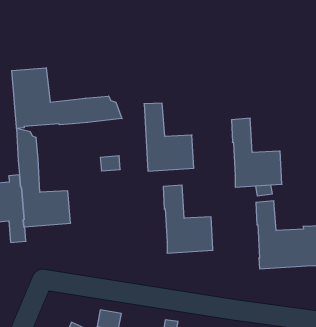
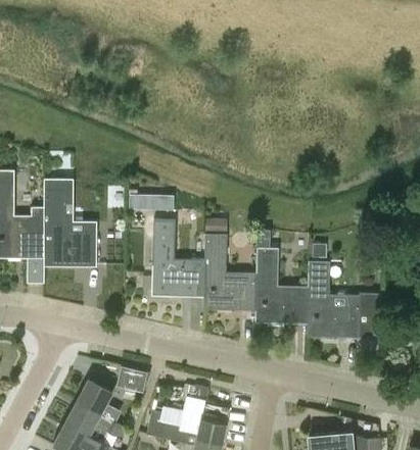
building: [12,68,122,128] -> none
building: [144,103,194,171] -> [152,219,205,297]
building: [231,118,282,187] -> [254,246,309,323]

